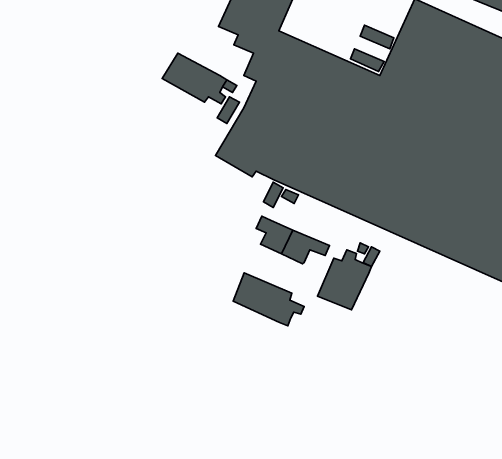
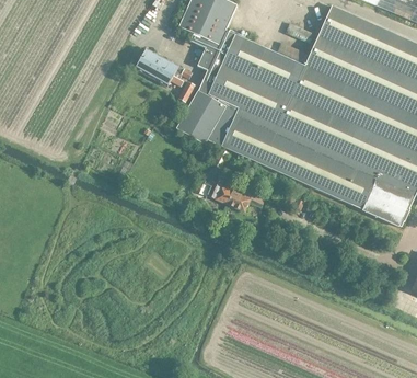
building: [318,250,371,310] -> none
building: [233,273,304,326] -> none

